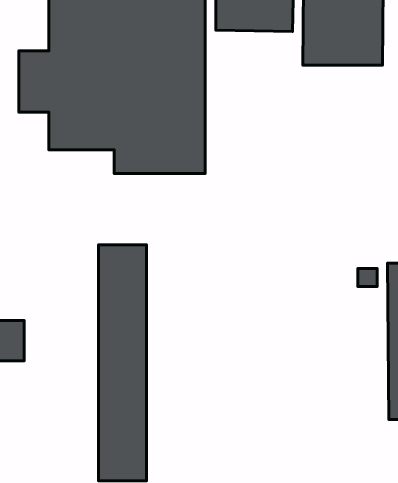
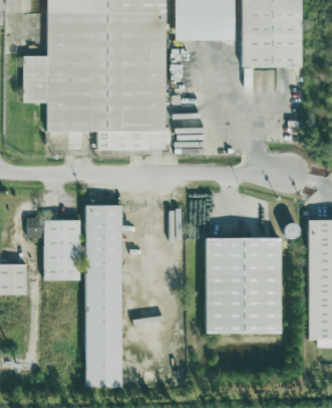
building: none -> [27,218,80,279]
building: none -> [204,237,281,334]

